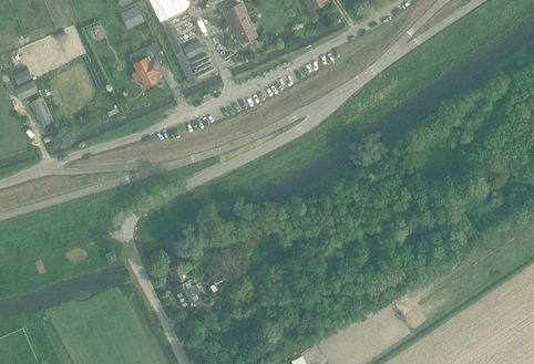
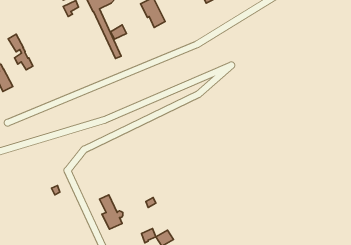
building: none -> [8,34,33,70]
building: [132,55,162,85] -> none

